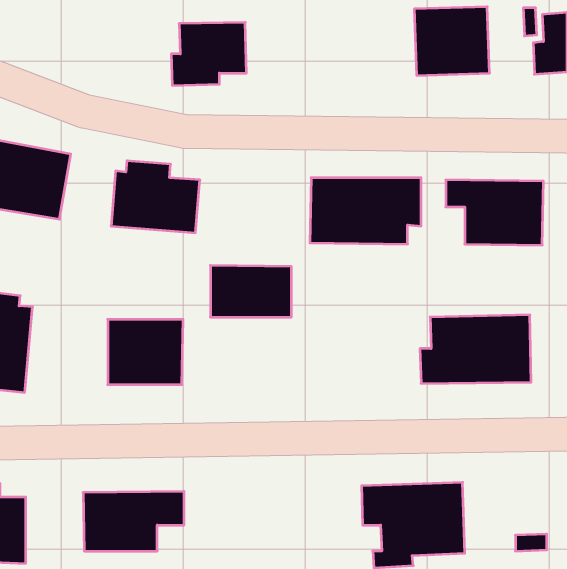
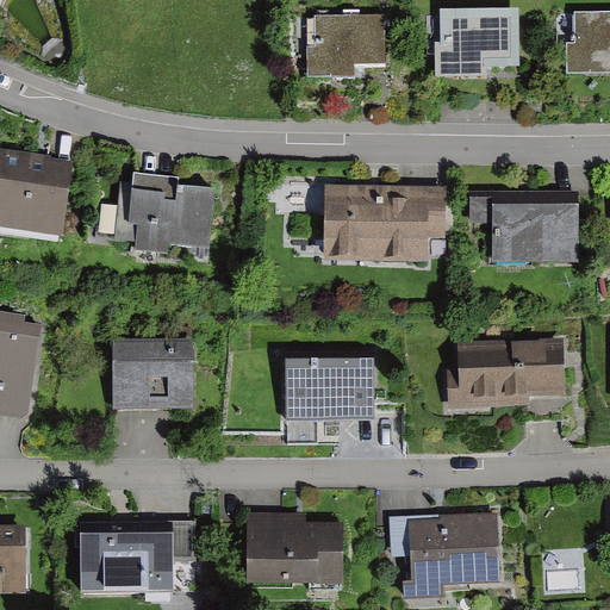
building: [171,22,246,85] -> [305,14,385,81]
building: [210,265,291,317] -> [287,362,373,417]
building: none -> [250,510,341,581]

